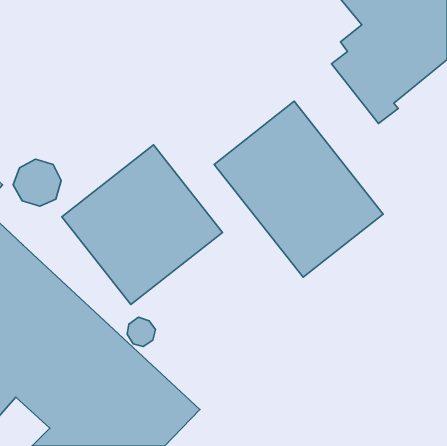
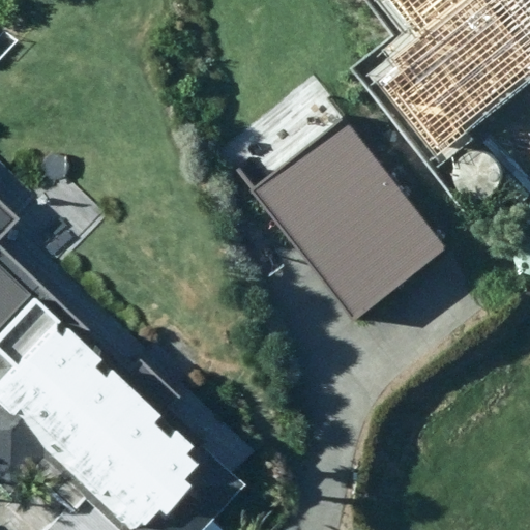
building: [62,145,223,305] -> none

